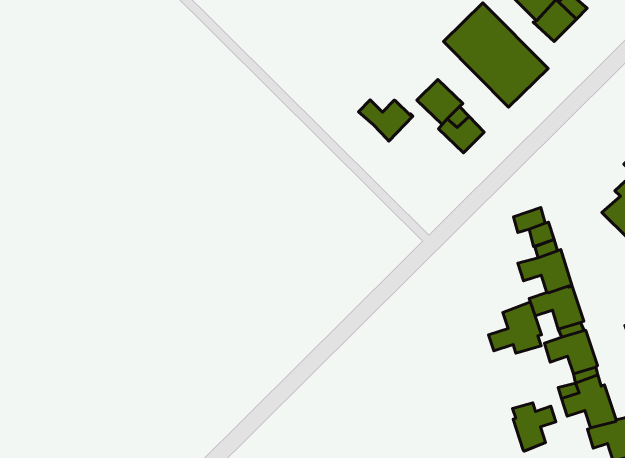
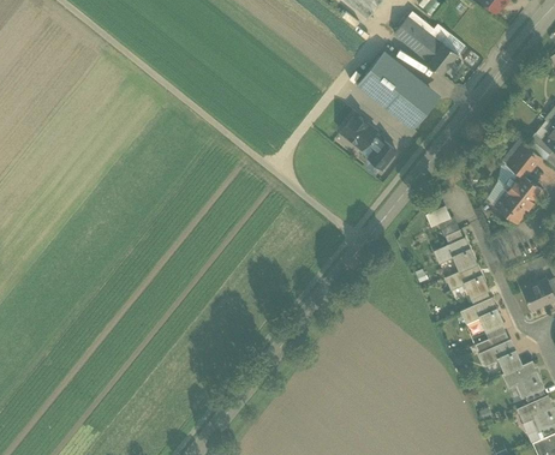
building: [359,100,413,141] -> none
building: [489,302,541,353] -> none
building: [513,403,556,451] -> none

